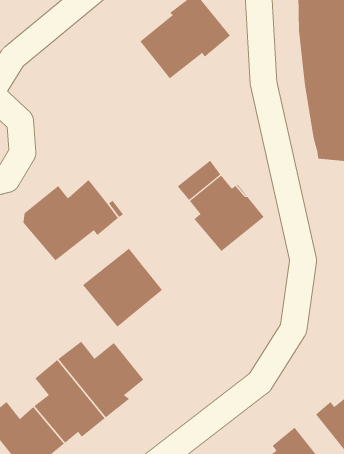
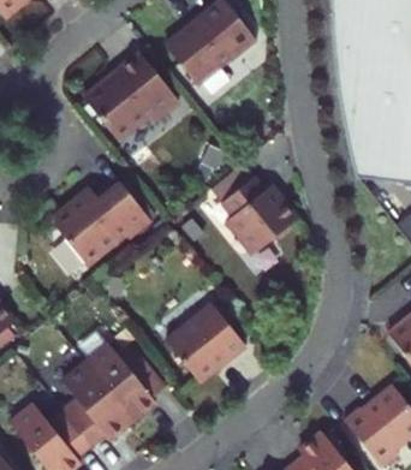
building: none -> [83,50,179,139]
building: [82,248,163,327] -> [171,301,251,380]

